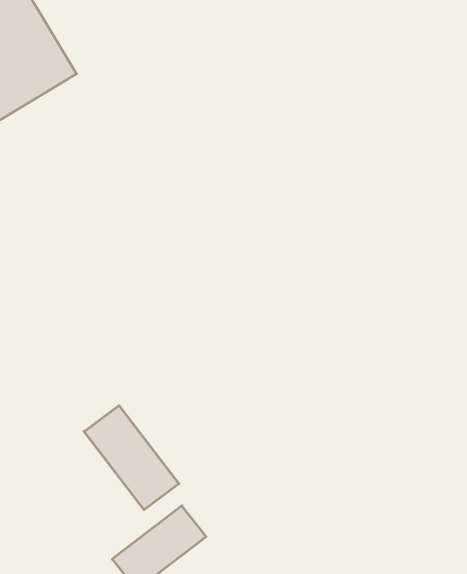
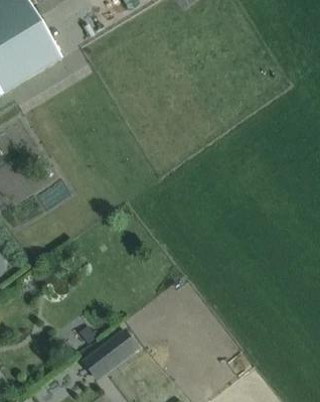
building: [84,406,179,510] -> none

